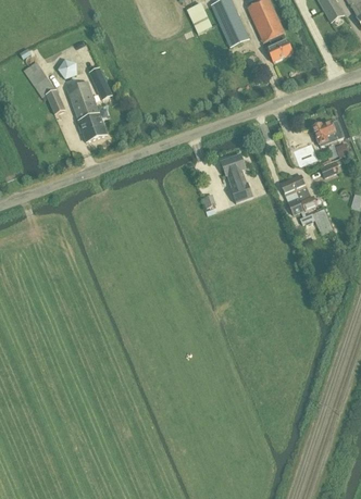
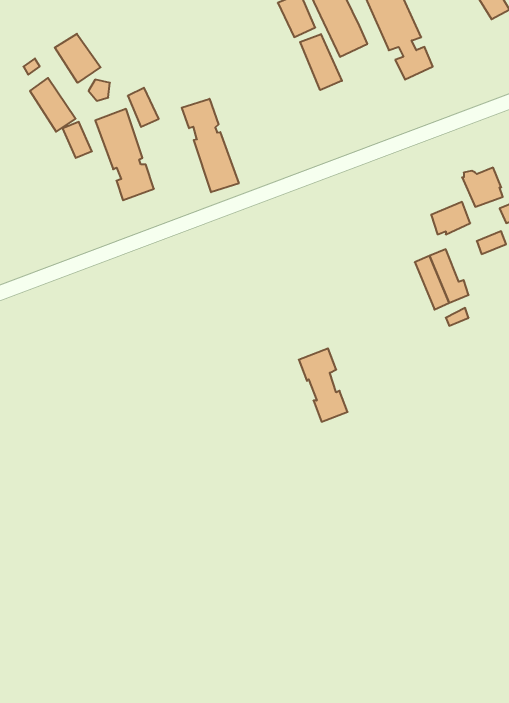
building: none -> [55,34,101,83]
building: none -> [300,34,342,90]
building: none -> [182,99,239,192]
building: [220,153,252,202] -> [299,348,348,422]

